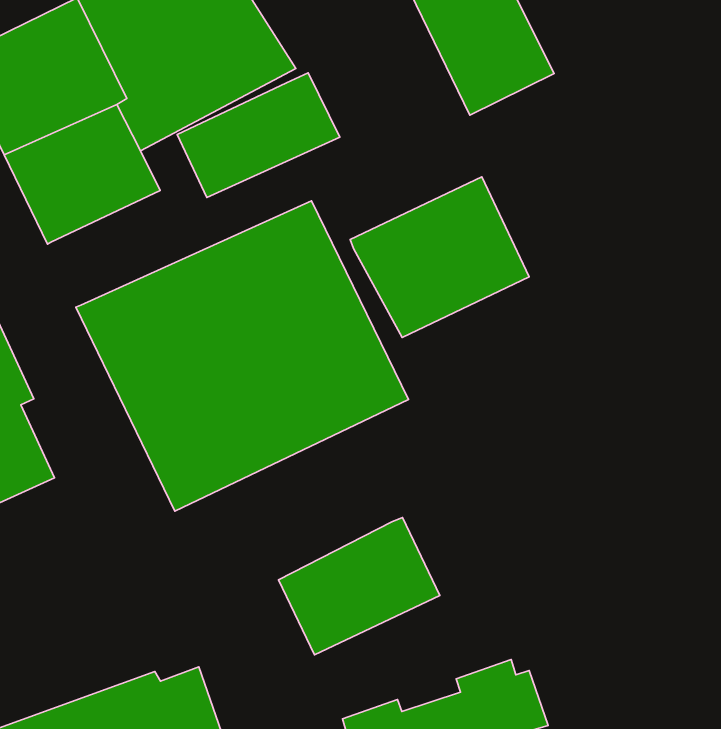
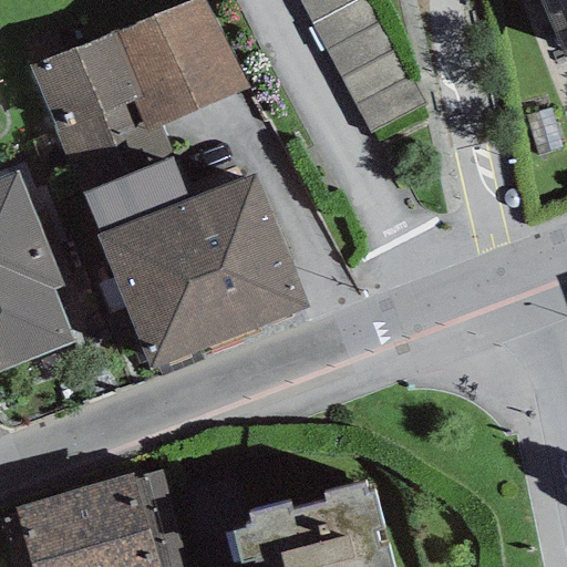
building: [177,73,340,197] -> [83,155,188,231]
building: [350,177,529,337] -> none
building: [278,517,440,655] -> none

